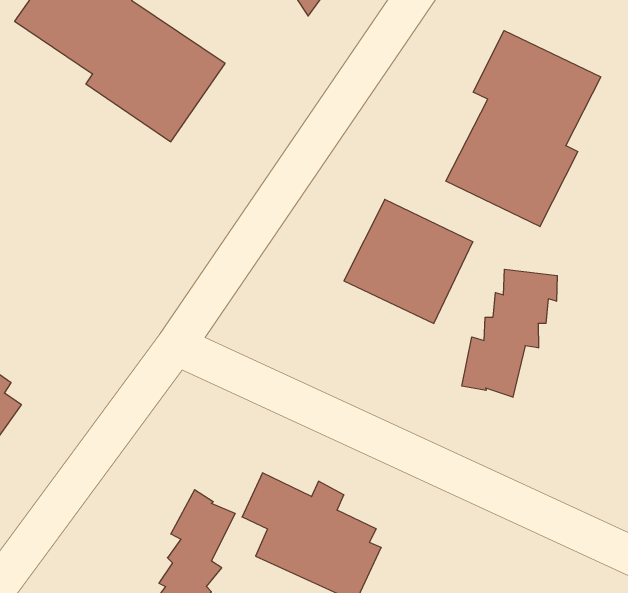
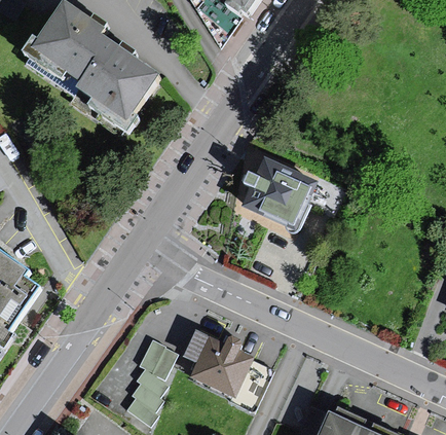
building: [446,31,601,227] -> none
building: [462,269,557,397] -> none

